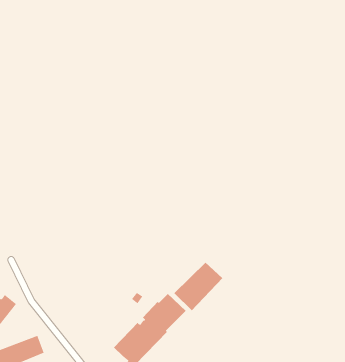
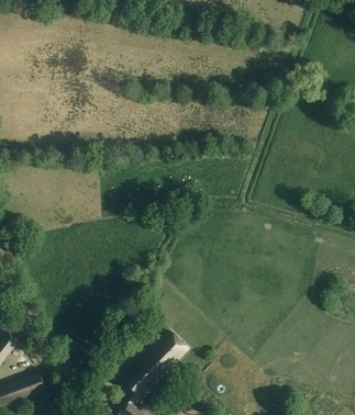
building: [173,262,223,311] -> none

